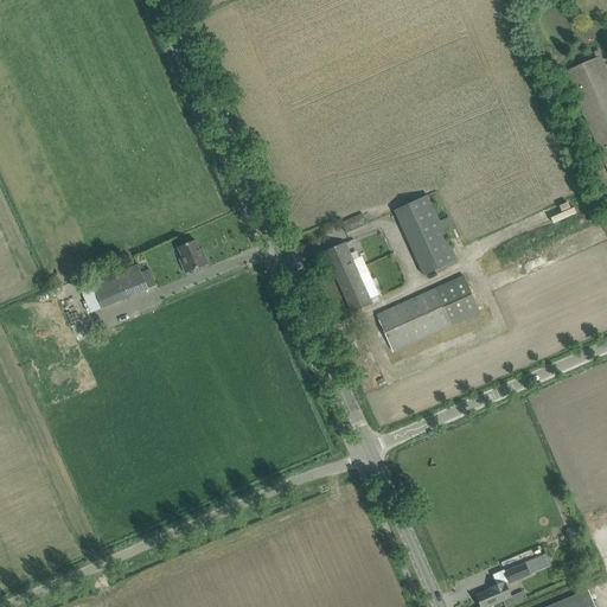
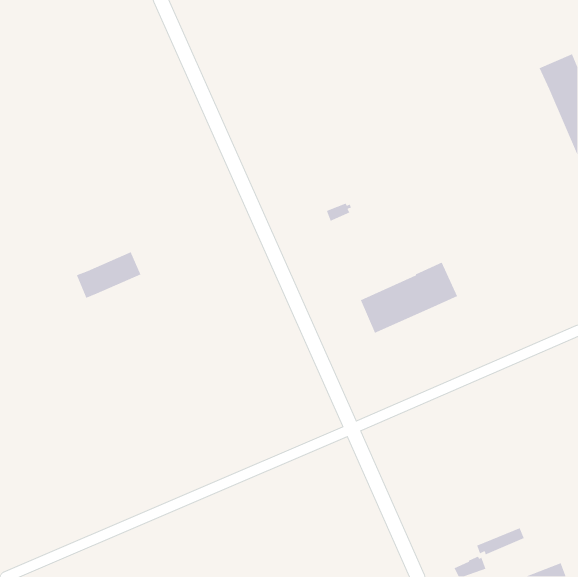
building: [394,194,458,275] -> none
building: [178,239,209,273] -> none
building: [325,242,372,312] -> none

